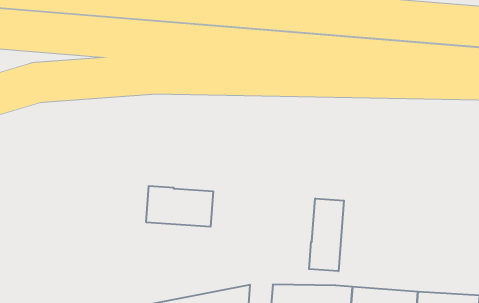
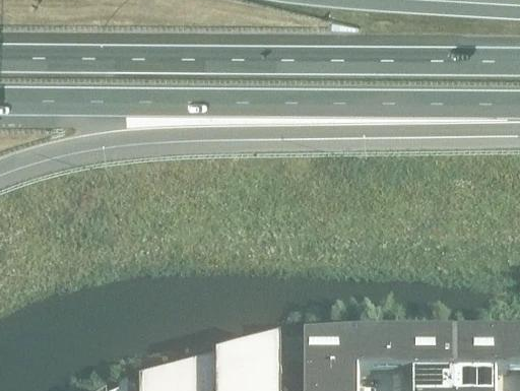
building: [146,186,213,227] -> none
building: [309,198,344,271] -> none

